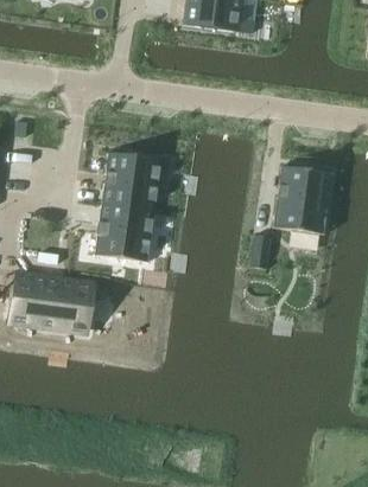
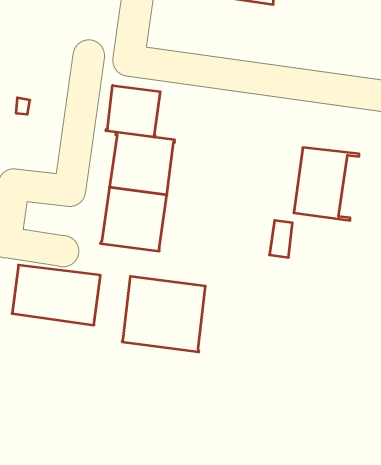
building: none -> [106,85,160,137]
building: none -> [122,276,205,352]

